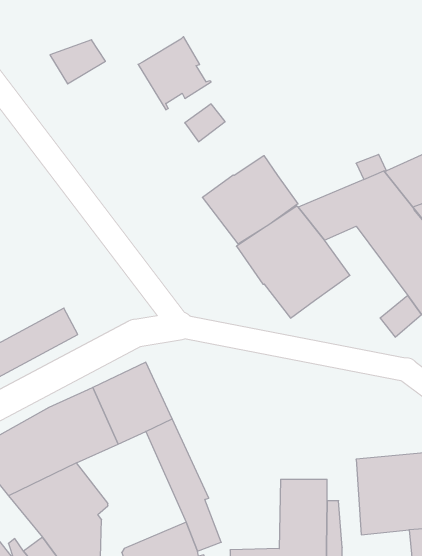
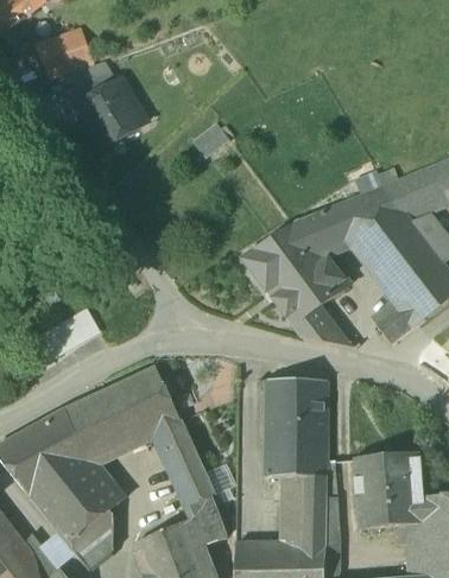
building: none -> [37,32,90,78]
building: [138,37,211,110] -> [76,81,145,150]
building: [202,156,298,244] -> none
building: none -> [291,309,341,345]
building: none -> [264,379,327,477]

